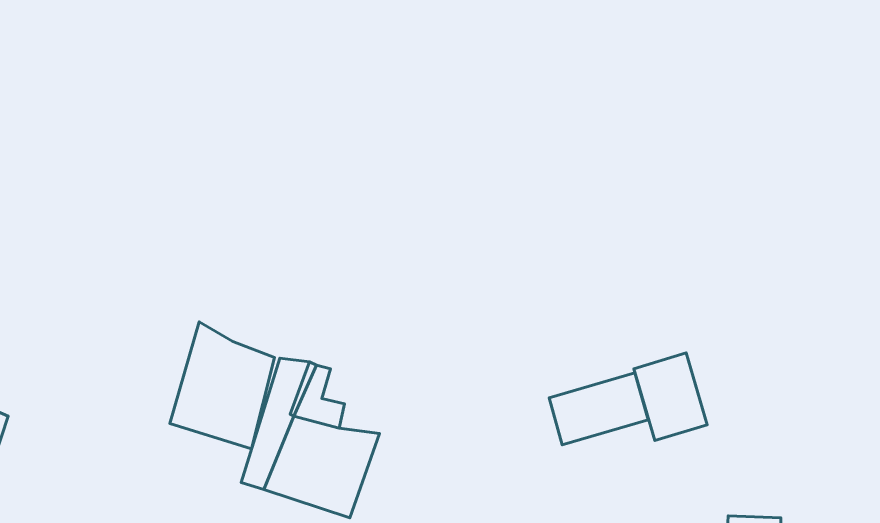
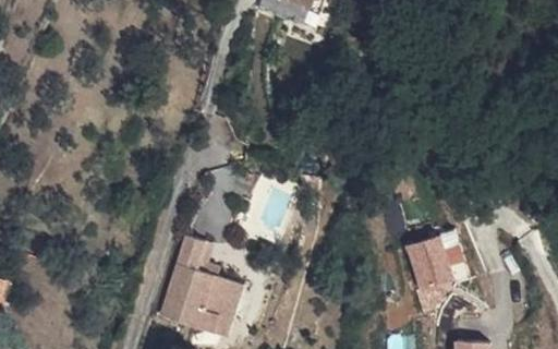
building: [170,322,274,449] -> none
building: [549,373,648,445] -> none

